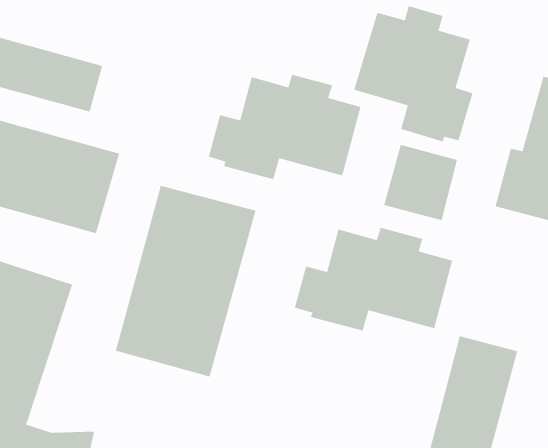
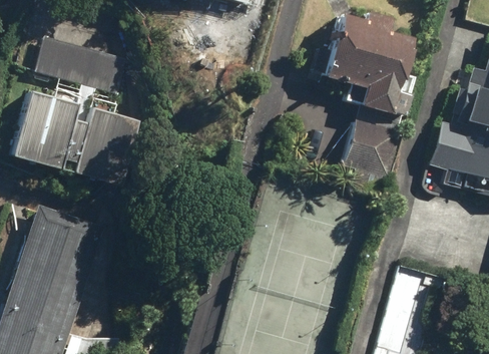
building: [208,74,361,180] -> none
building: [115,185,256,378] -> none
building: [294,227,453,332] -> none

